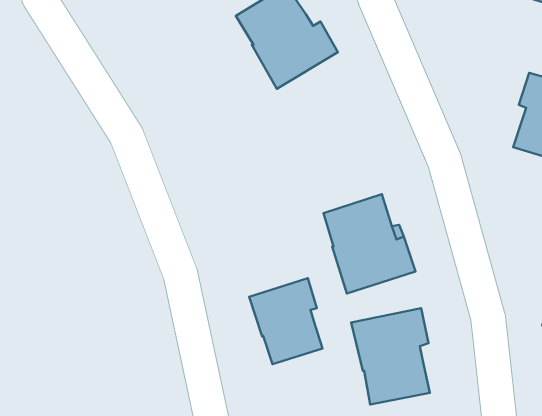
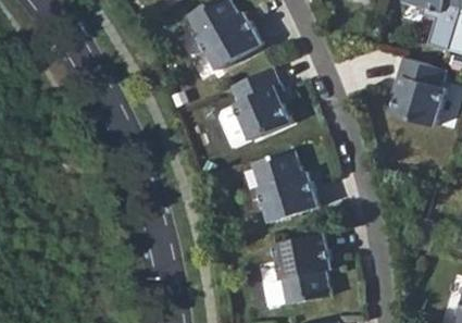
building: none -> [222,69,289,147]
building: [249,278,323,364] -> none

